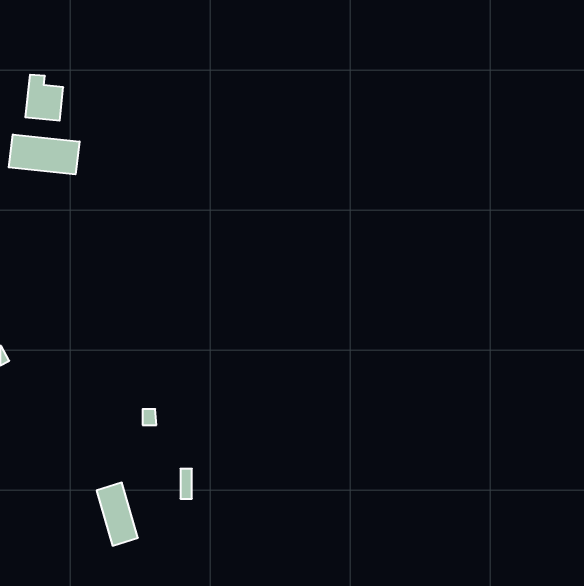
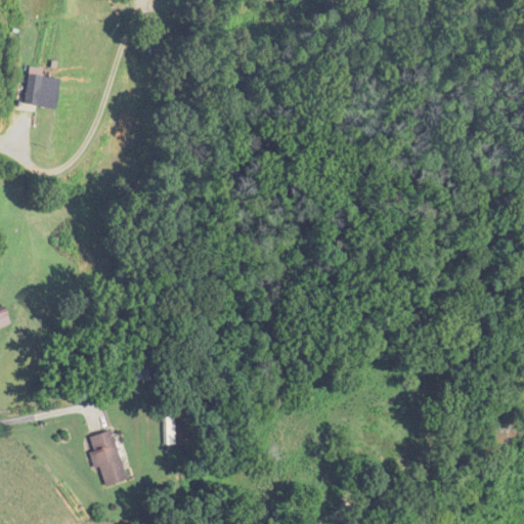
building: [9,134,80,174] -> none

